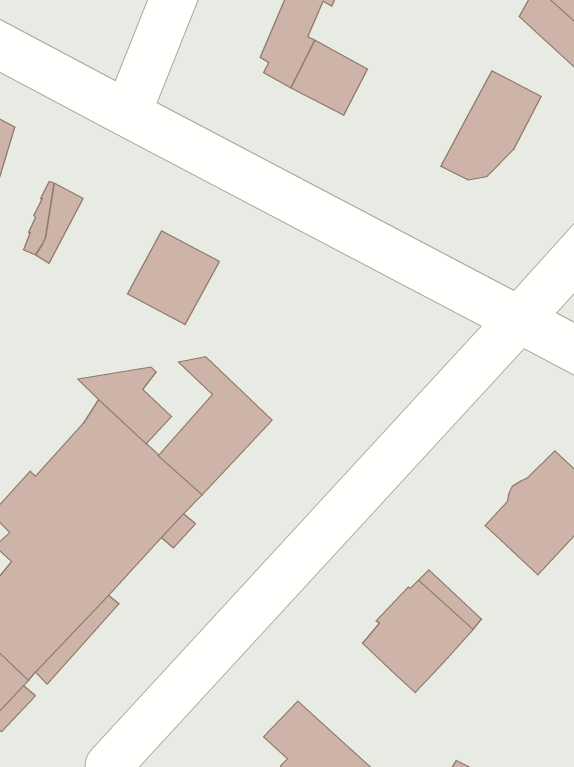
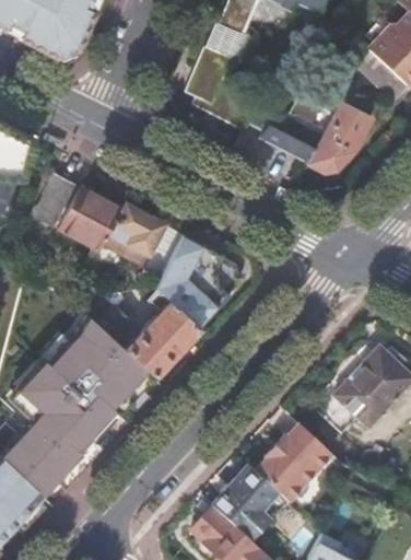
building: none -> [260,108,322,163]
building: none -> [62,187,121,249]
building: none -> [155,234,240,326]
building: none -> [212,464,278,538]

